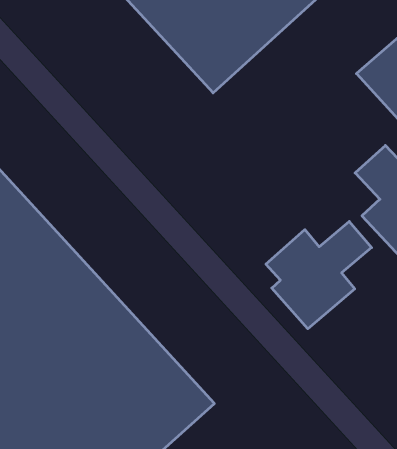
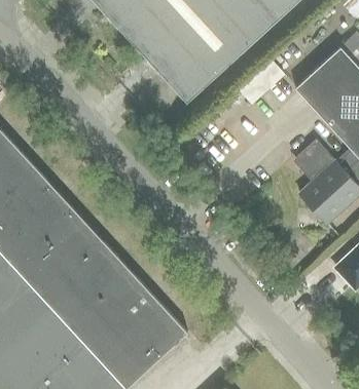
building: [266,221,372,329] -> none

